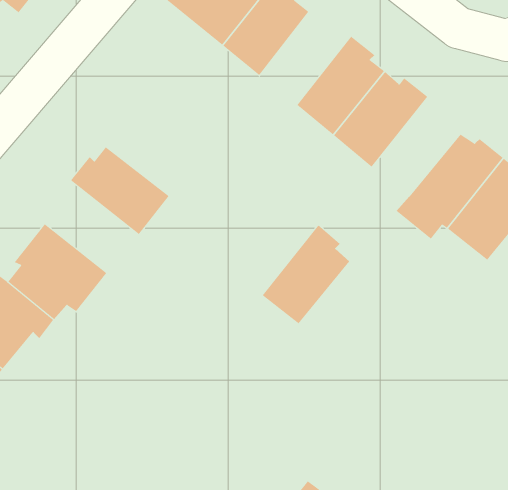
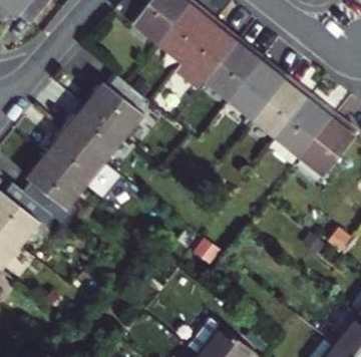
building: none -> [175,23,239,89]
building: none -> [85,75,146,138]
building: none -> [47,128,122,201]
building: [262,225,350,324] -> [252,76,307,138]

